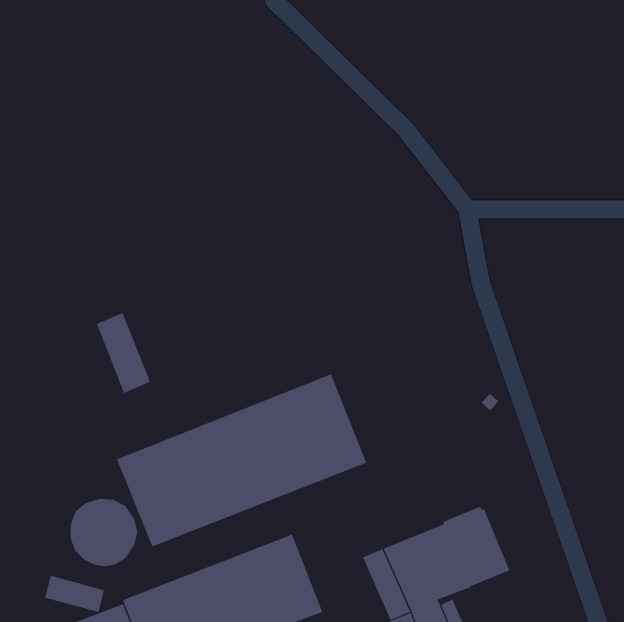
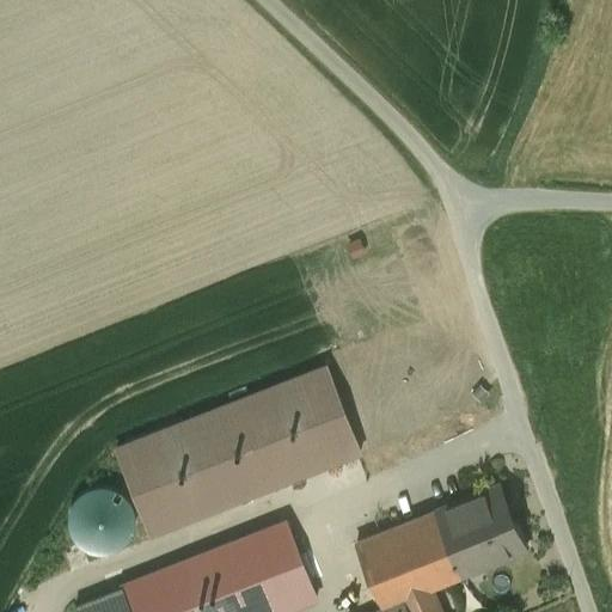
building: [96,312,151,394] -> none
building: none -> [470,486,525,561]
building: [45,575,105,613] -> none

